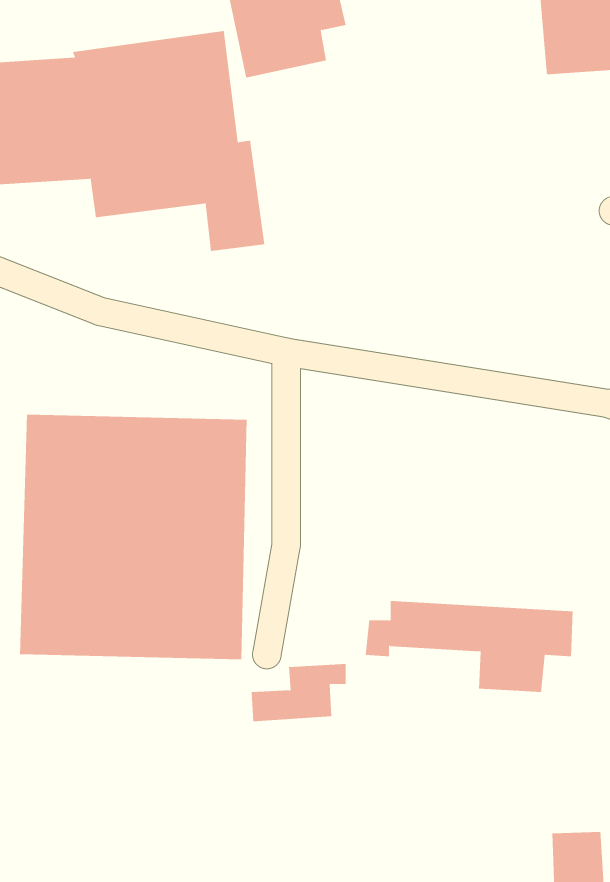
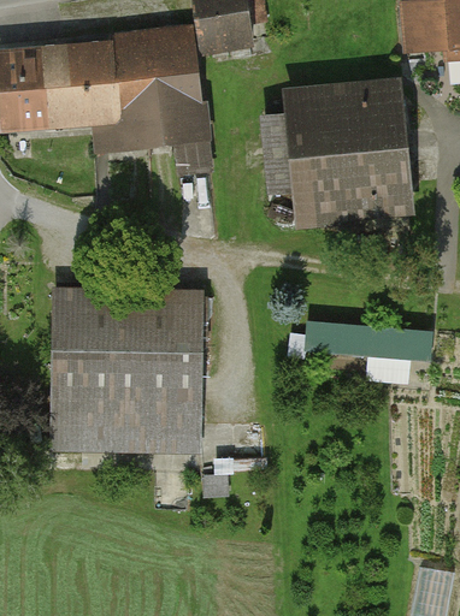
building: none -> [261,76,421,229]
building: [365,600,574,692] -> [291,319,434,381]

